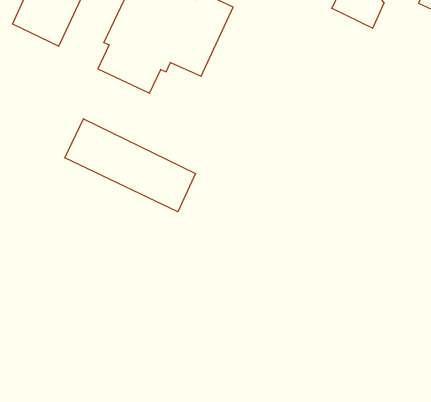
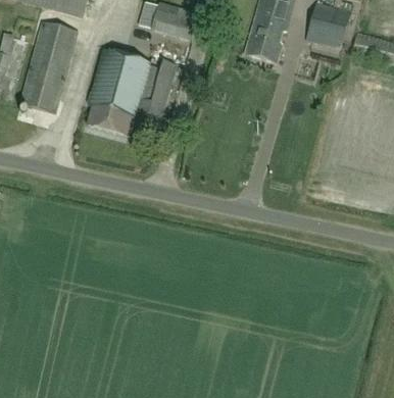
building: [65,119,196,212] -> none

